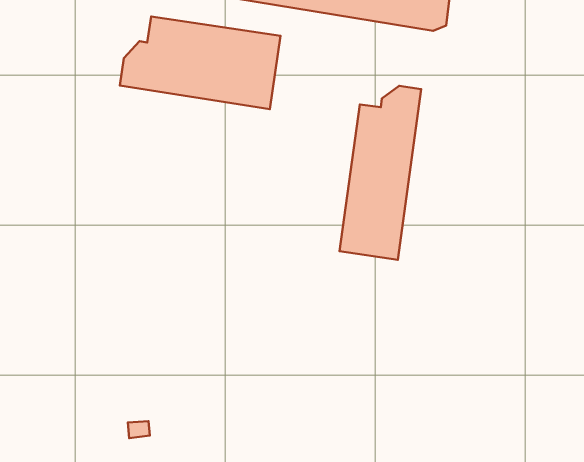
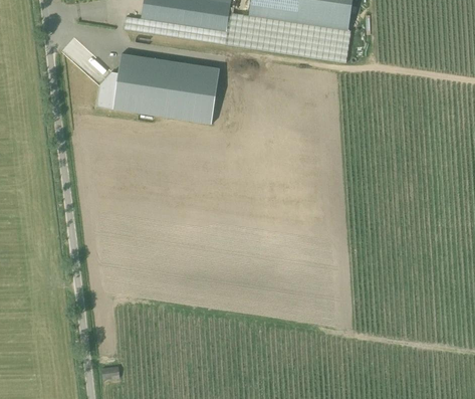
building: [339,86,421,260] -> none

